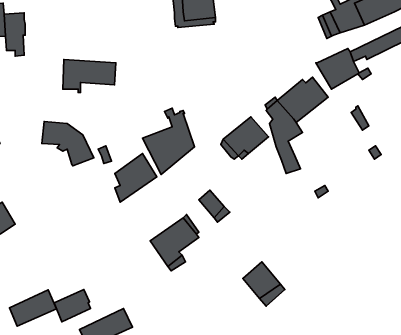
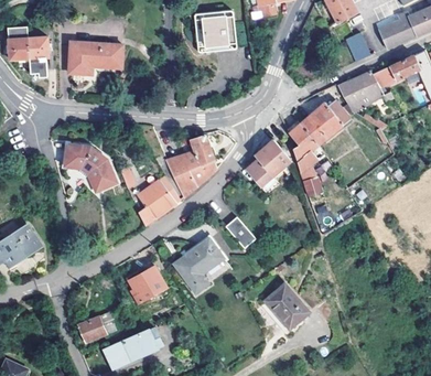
building: [63,59,116,93] -> [69,42,122,75]
building: none -> [127,267,166,304]
building: [9,290,56,326] -> none

